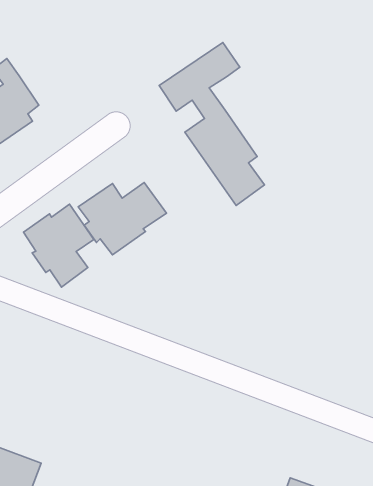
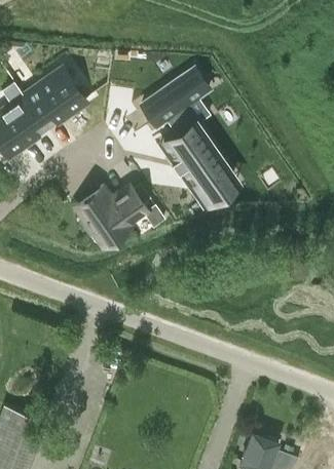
building: none -> [25,74,84,121]
building: [23,204,94,287] -> none

